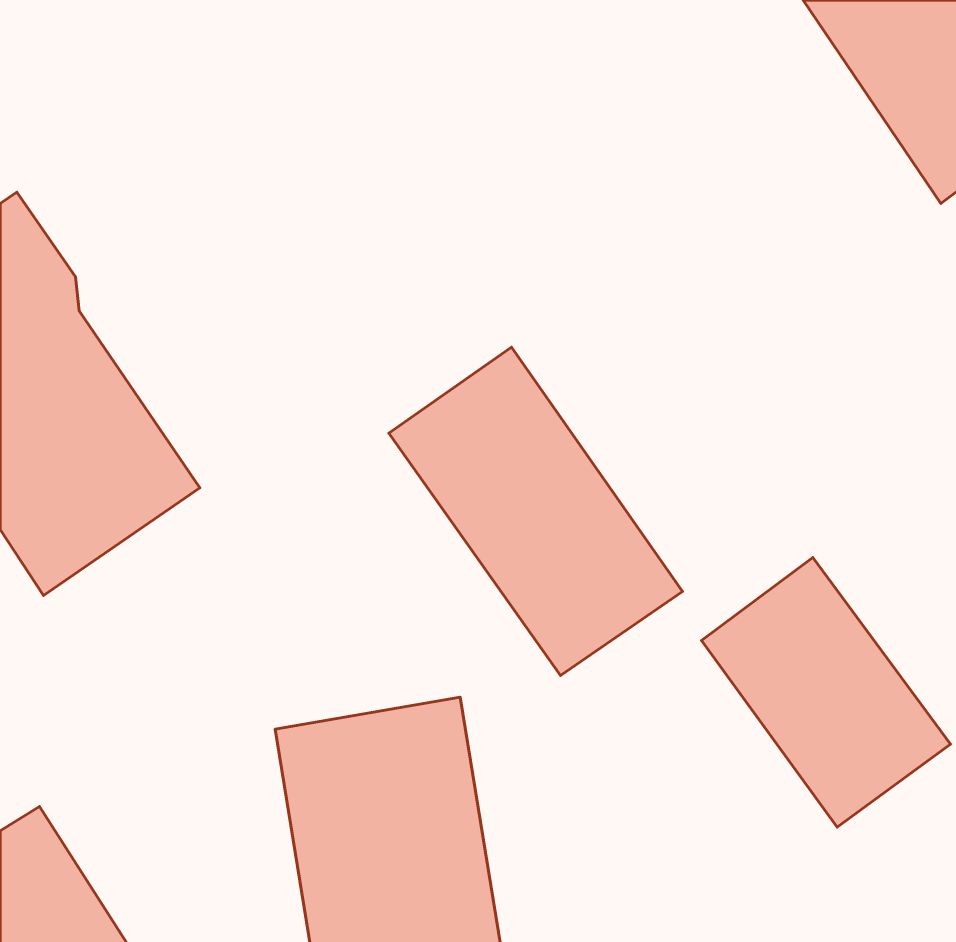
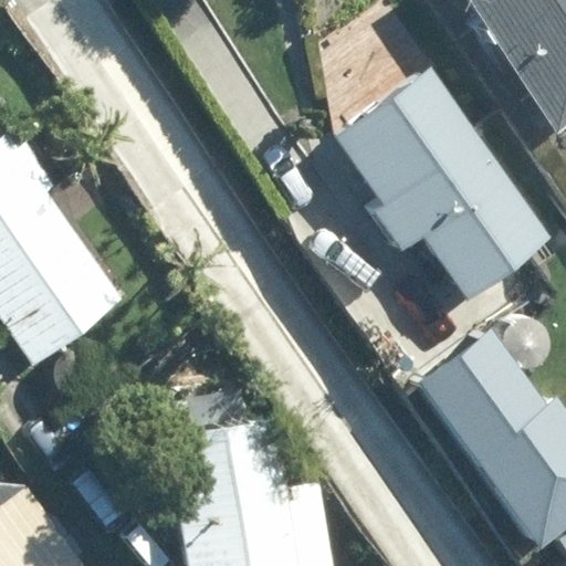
building: none -> [335,70,552,297]
building: [389,347,682,676] -> none

